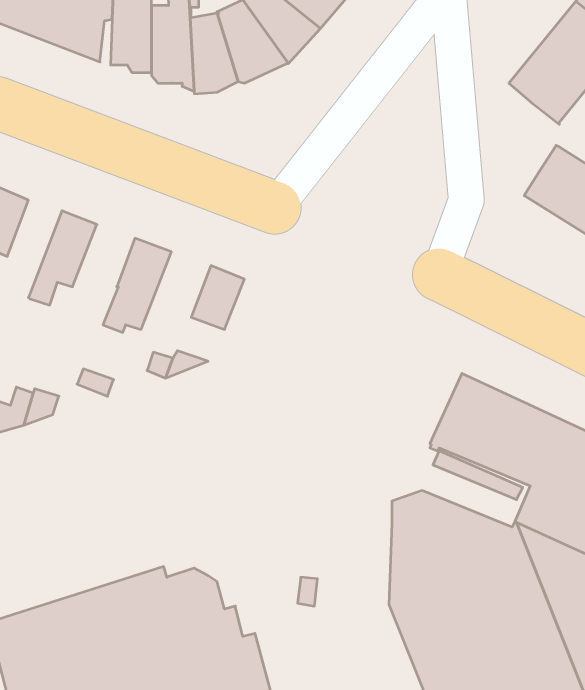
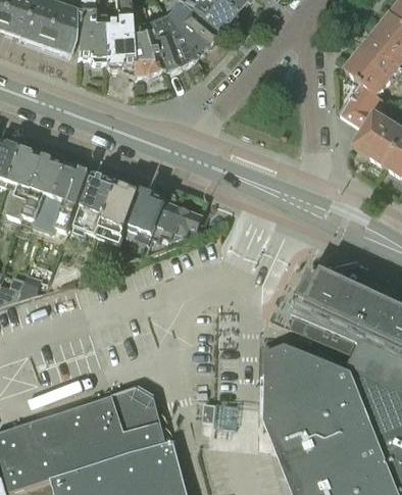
building: none -> [341,83,385,129]
building: none -> [7,148,44,218]
building: none -> [51,164,90,231]
building: none -> [99,183,140,244]
building: none -> [152,201,199,245]

